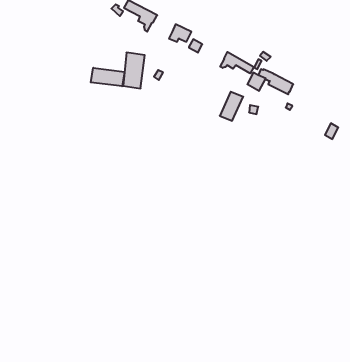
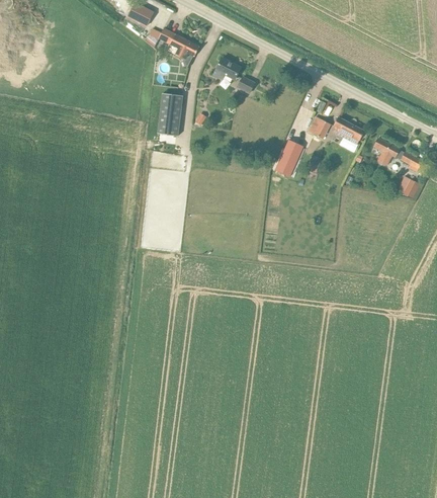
building: [220,52,254,73] -> none
building: [91,68,125,86] -> none
building: none -> [373,138,422,171]

